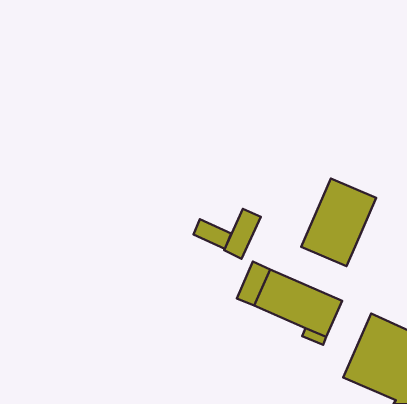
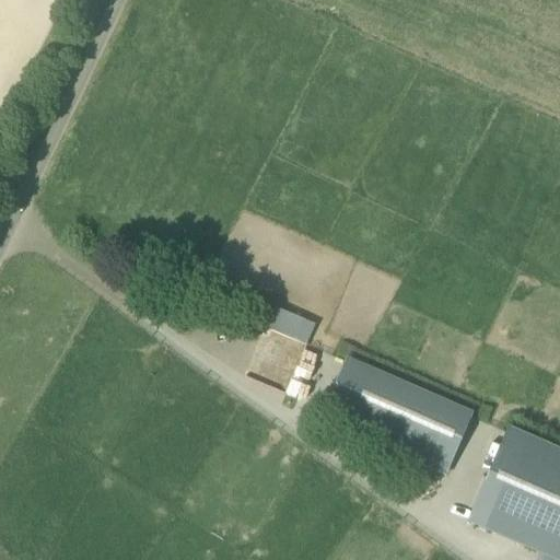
building: [301,178,376,266] -> none
building: [224,209,261,259] -> none

